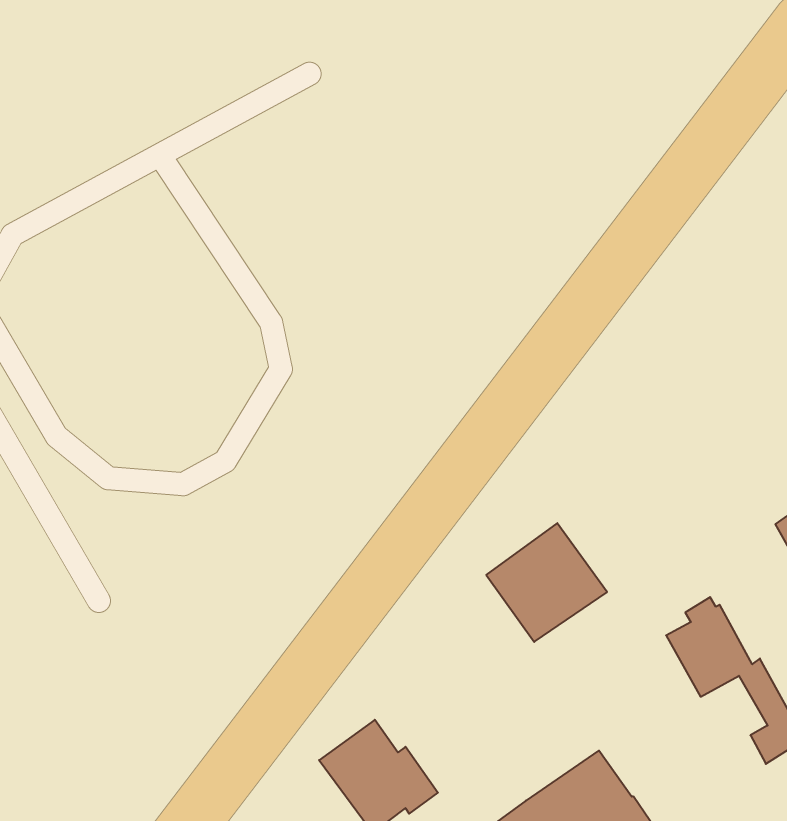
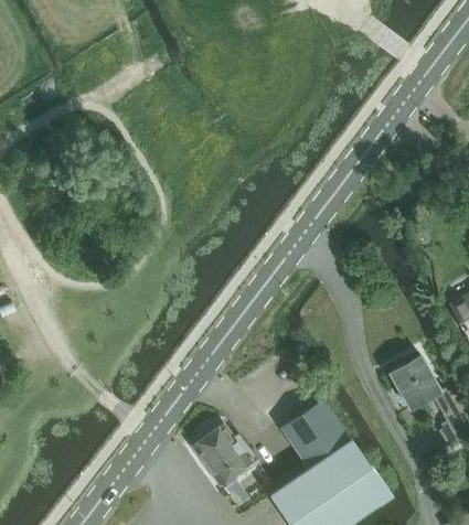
building: [486,523,607,642] -> [284,401,353,470]

